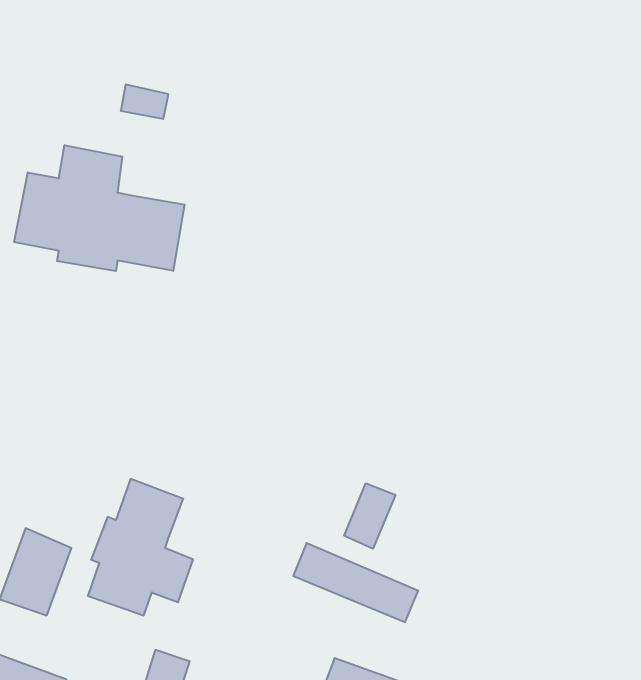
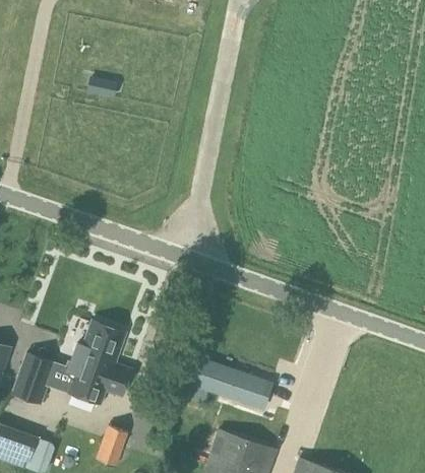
building: [14,145,185,271] -> none
building: [344,483,395,549] -> none

